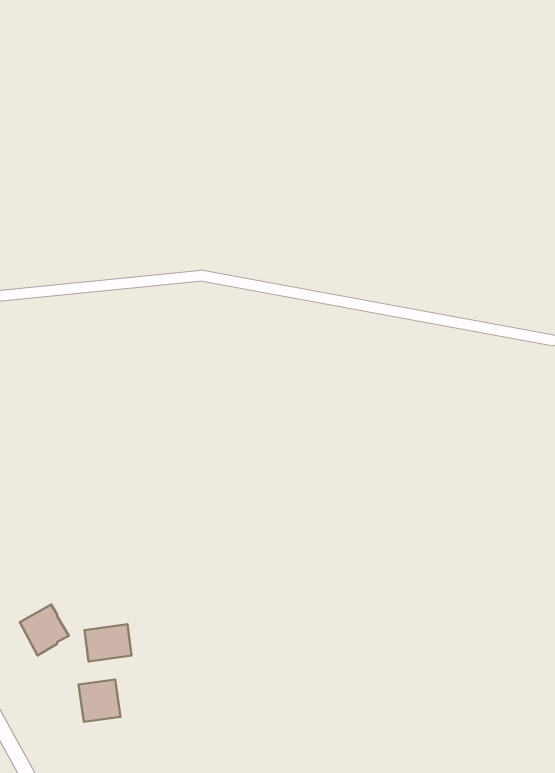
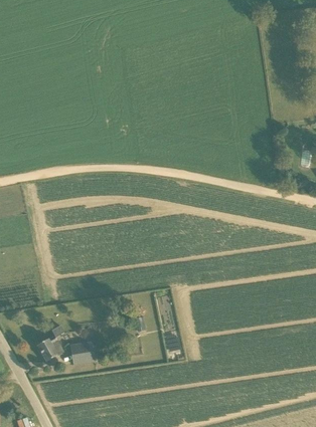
building: [78,680,121,722] -> none

